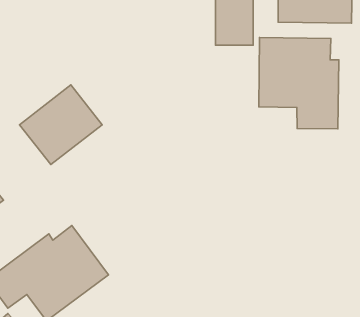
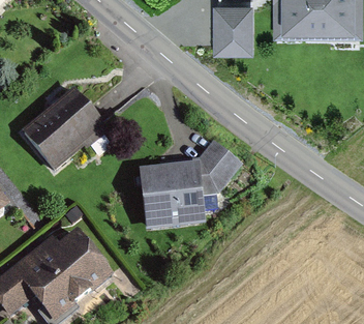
building: [259,38,339,129] -> none
building: none -> [140,141,241,230]

